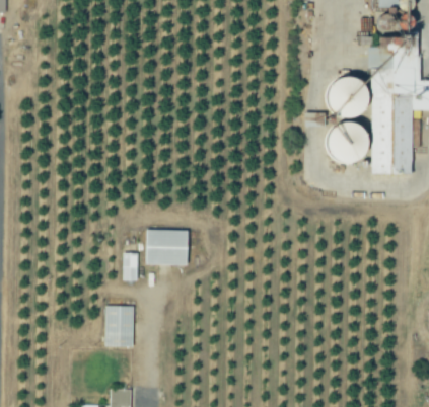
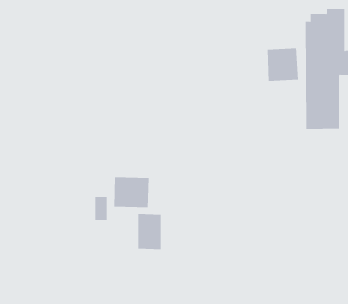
building: [320,120,366,164] -> none
building: [105,305,134,347] -> [137,214,162,250]

